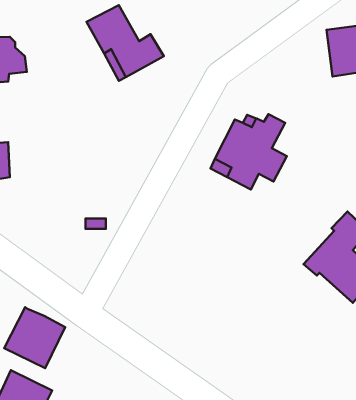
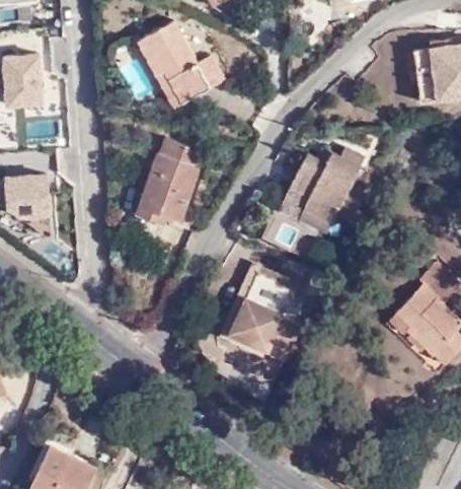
building: none -> [135,136,199,223]
building: none -> [228,273,313,358]
building: [4,307,65,368] -> none

